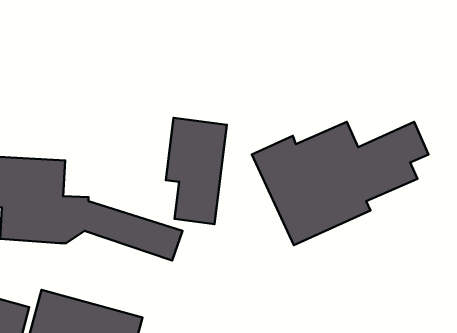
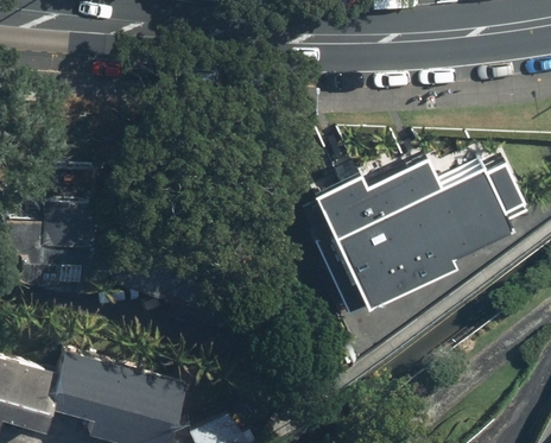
building: [166,118,227,224] -> none

